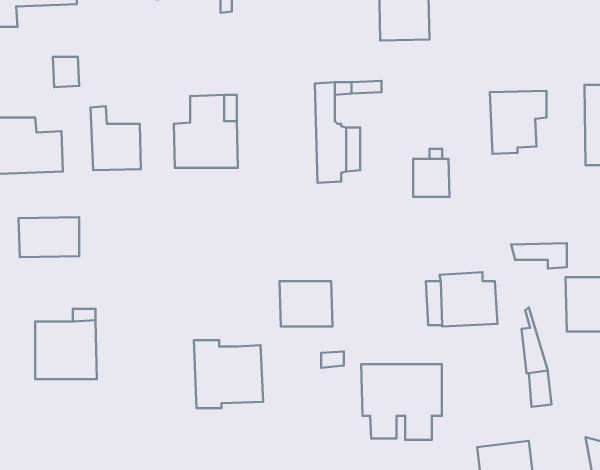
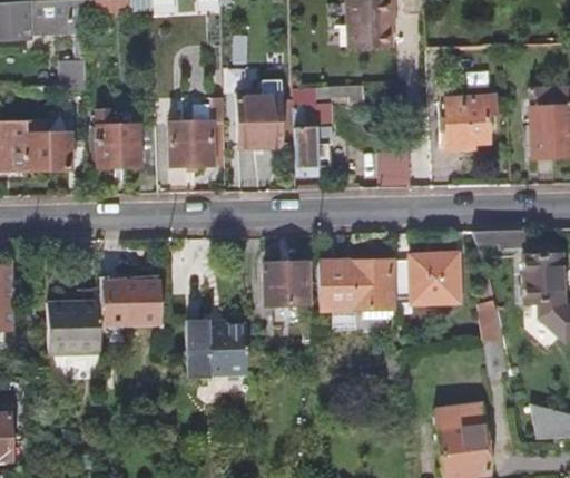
building: none -> [237,90,284,146]
building: [19,217,79,257] -> [105,284,158,320]
building: [361,364,442,440] -> [317,264,389,331]

